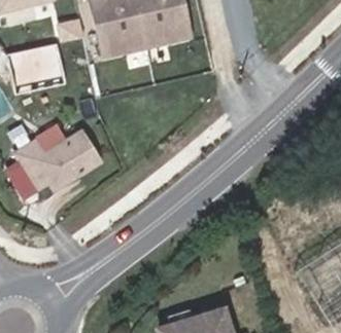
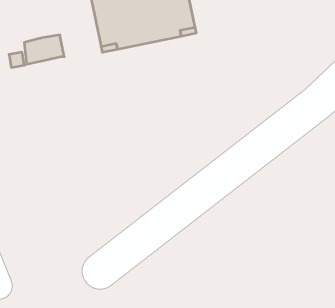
building: [14,131,100,188] -> none

